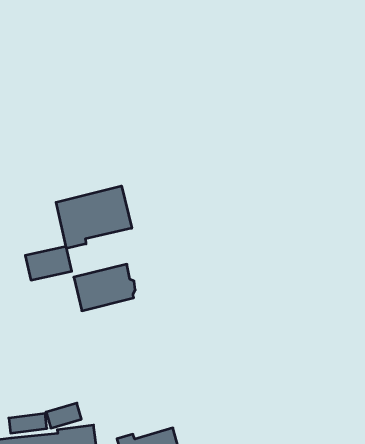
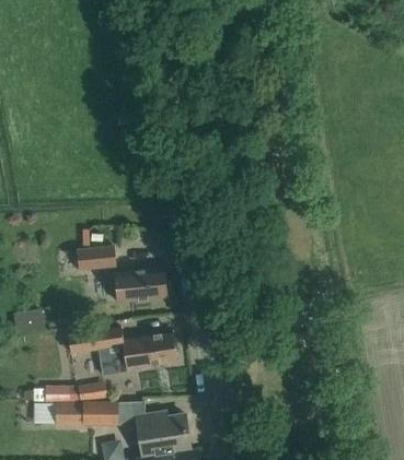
building: [56,186,132,249] -> none
building: none -> [100,333,175,375]

